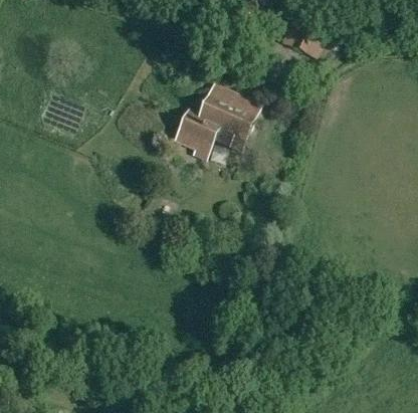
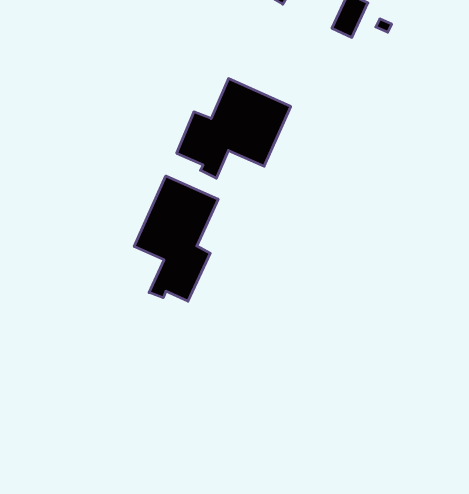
building: none -> [134,176,218,301]

